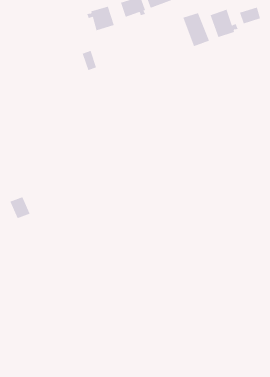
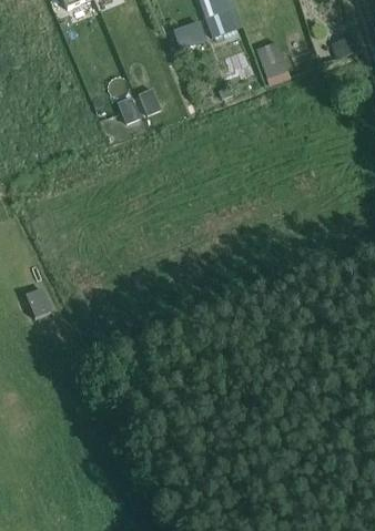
building: [87,6,115,31] -> none
building: [210,9,238,38] -> none

